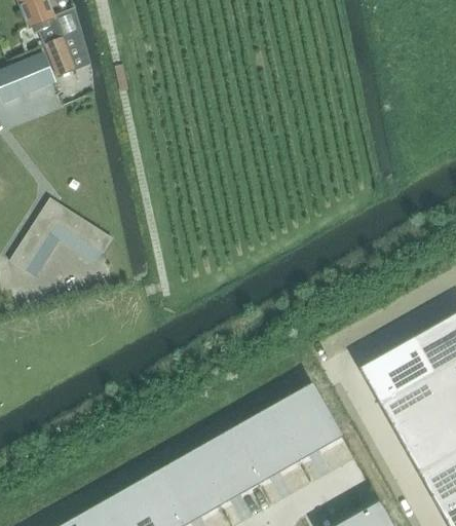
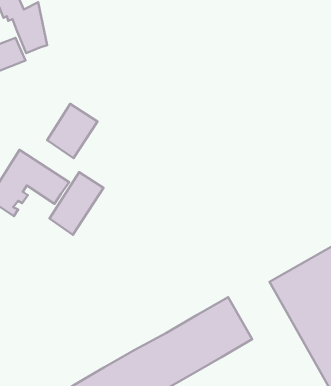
building: none -> [47,104,97,158]
building: none -> [50,172,104,235]

